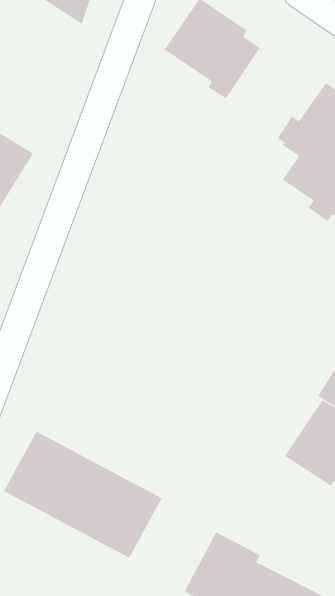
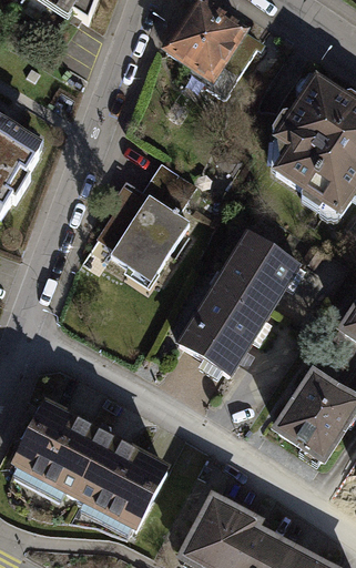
building: none -> [98,163,196,273]
building: none -> [180,234,296,372]

